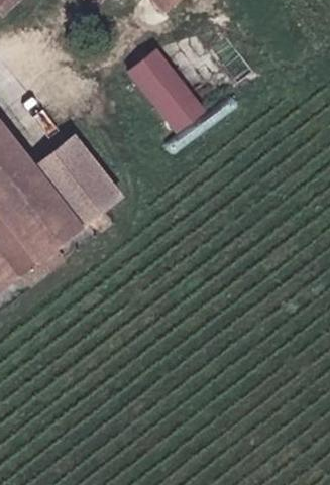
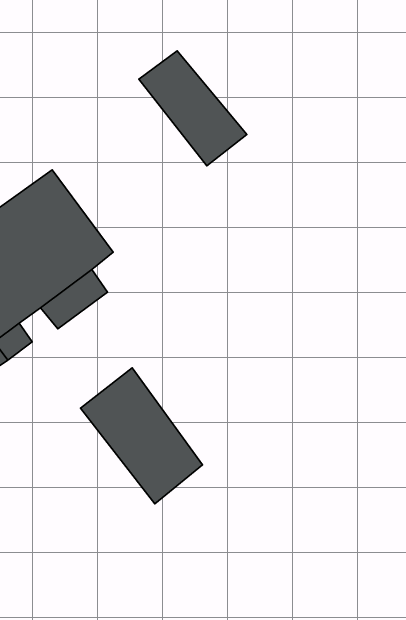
building: none -> [80,368,203,504]

